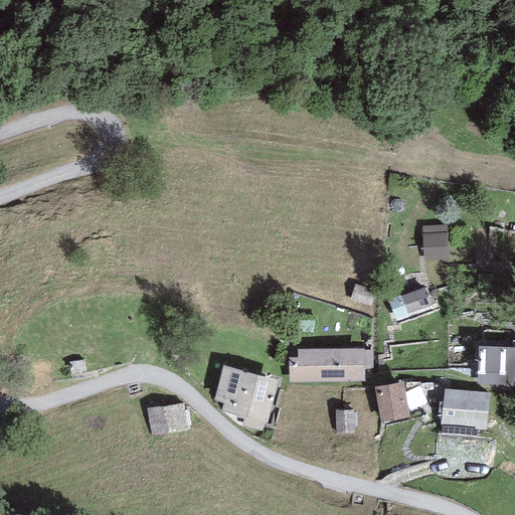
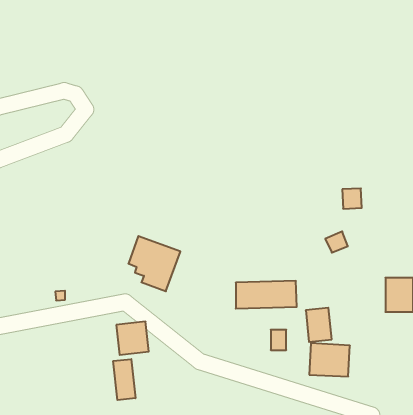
building: [215,363,280,432] -> [128,236,180,291]
building: [441,387,491,428] -> [309,343,350,376]
building: none -> [113,359,135,400]

